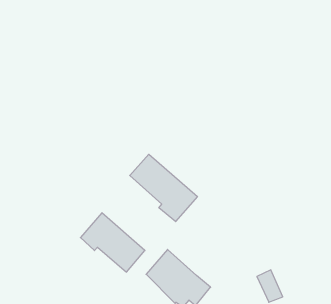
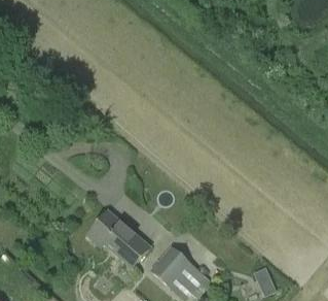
building: [130,154,197,222] -> none

